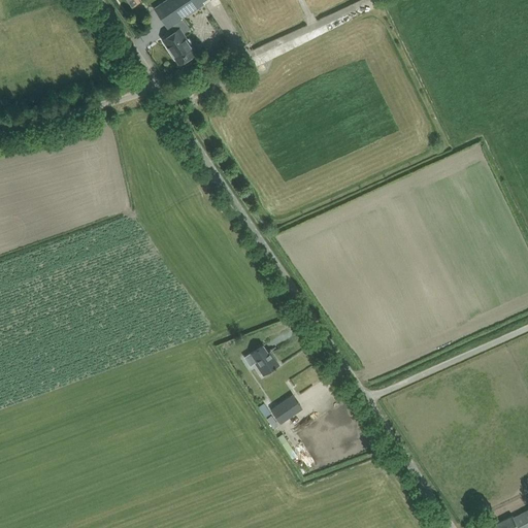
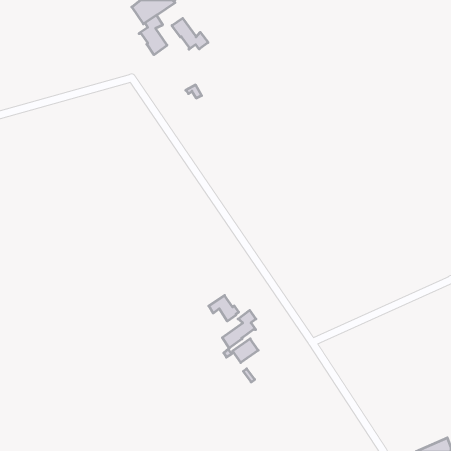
building: none -> [172,18,208,49]
building: none -> [222,310,256,348]

